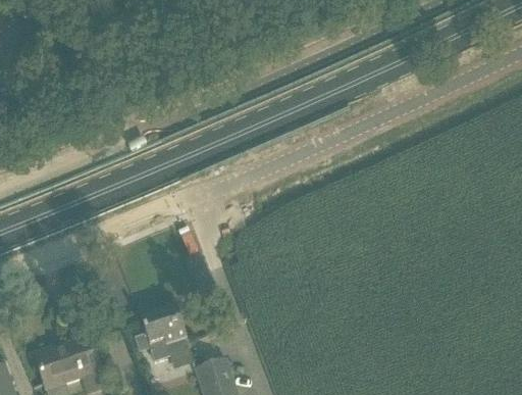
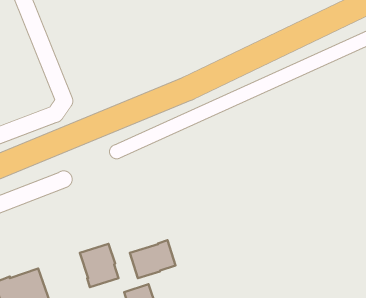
building: none -> [130,240,176,278]

